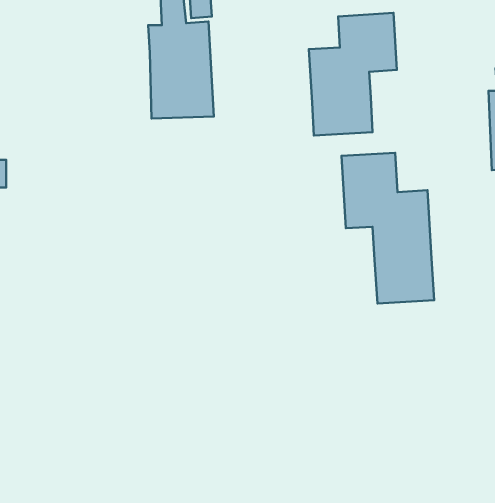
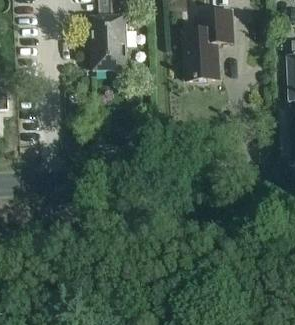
building: [342,153,434,304] -> none

